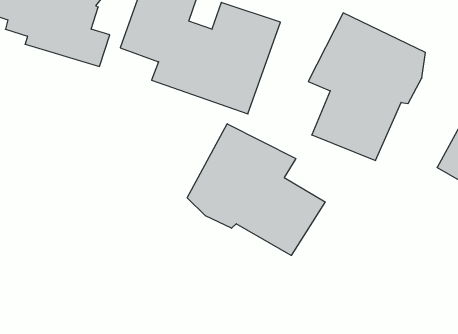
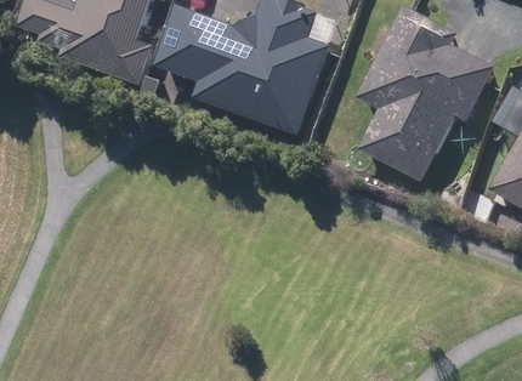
building: [187,124,325,255] -> none

